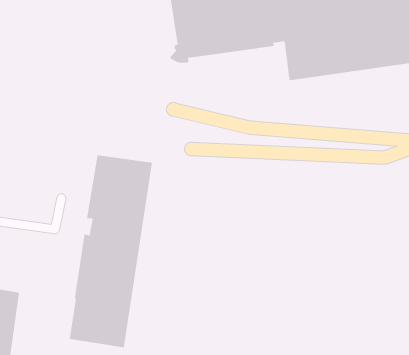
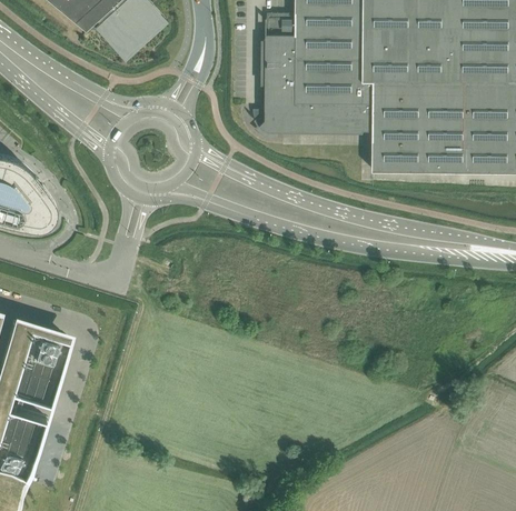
building: [69,155,153,348] -> none

